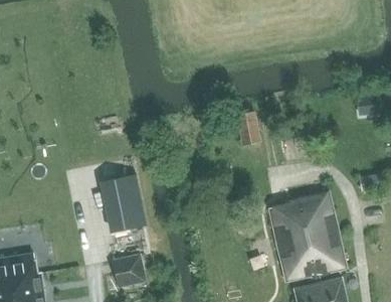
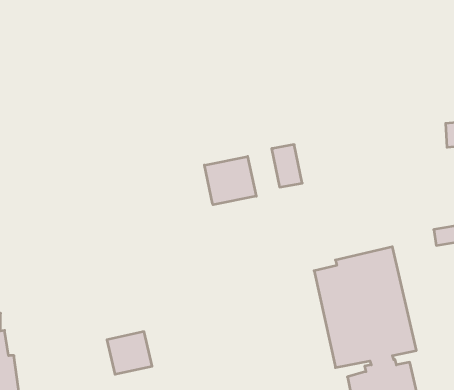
building: none -> [204,156,256,205]
building: [100,175,142,233] -> none

